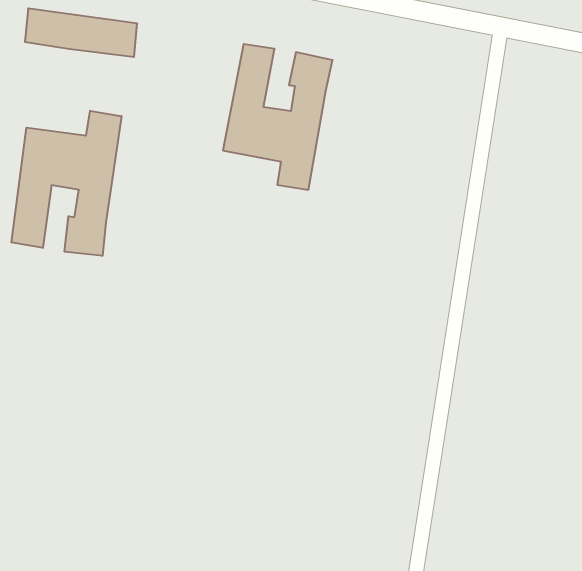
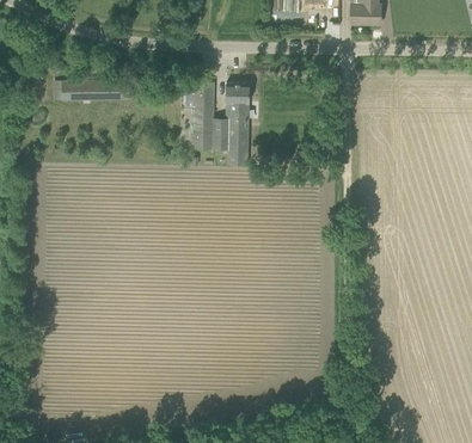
building: [12,111,122,256] -> none

